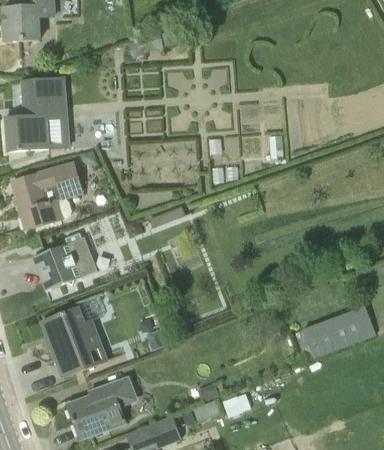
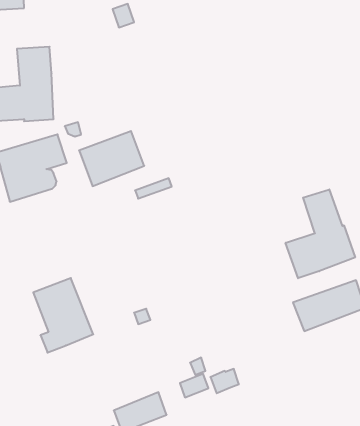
building: none -> [286,189,355,278]
building: [32,237,96,291] -> [79,131,144,186]
building: [64,375,136,439] -> none

